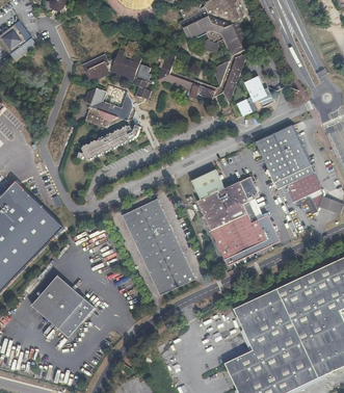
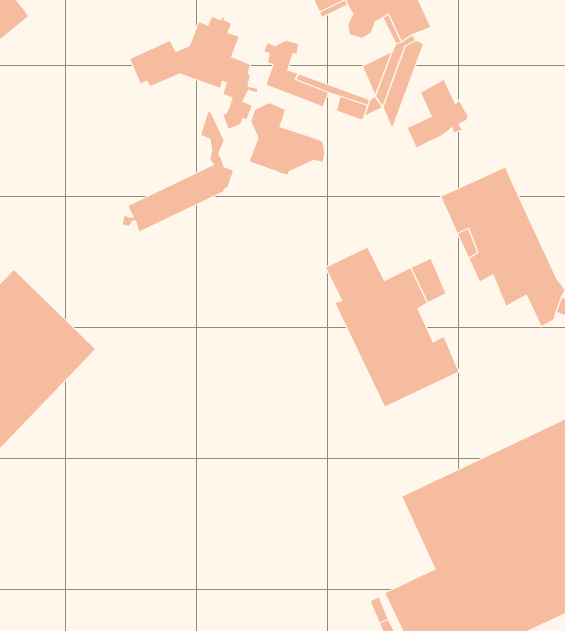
building: [84,87,127,128] -> [249,103,325,175]
building: [121,199,194,295] -> none
building: [31,276,95,338] -> none

